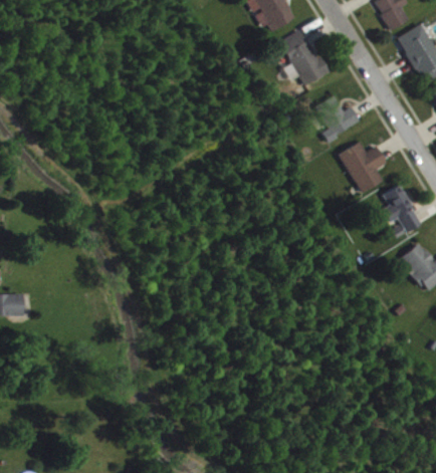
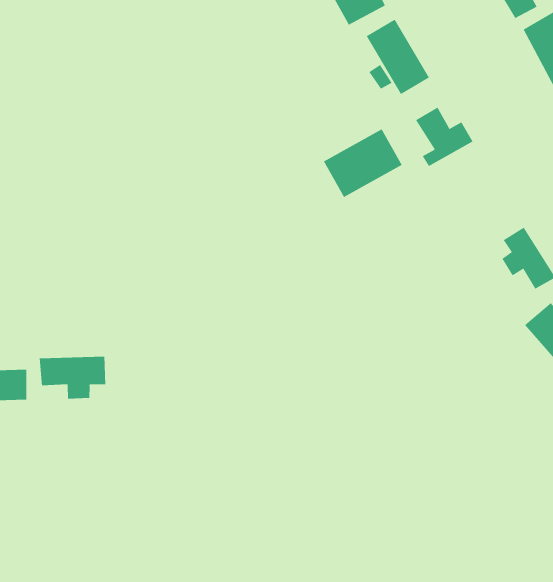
building: none -> [323,128,403,198]
building: [339,142,387,193] -> none
building: none -> [39,356,106,400]

